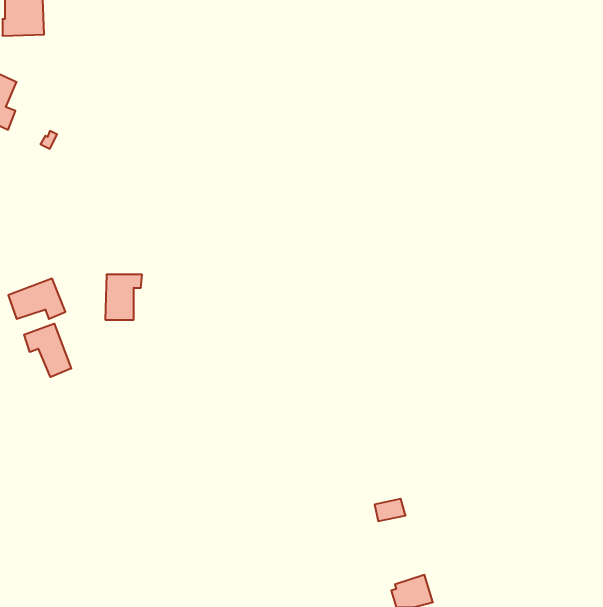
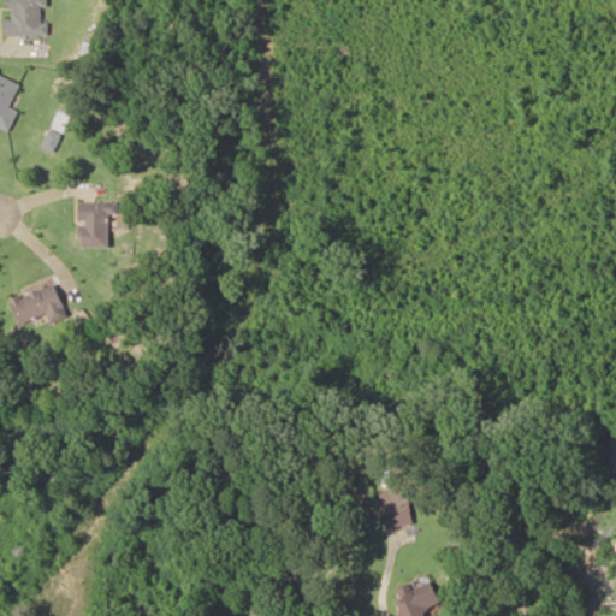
building: [105,275,142,320] -> [78,202,116,248]
building: [24,324,71,377] -> none

